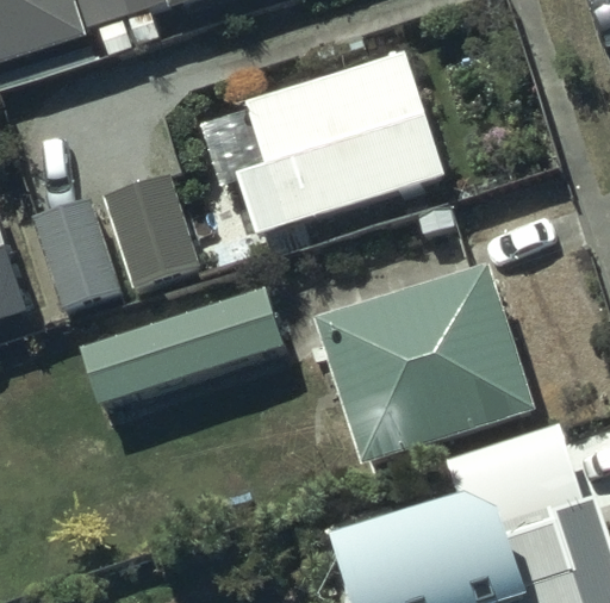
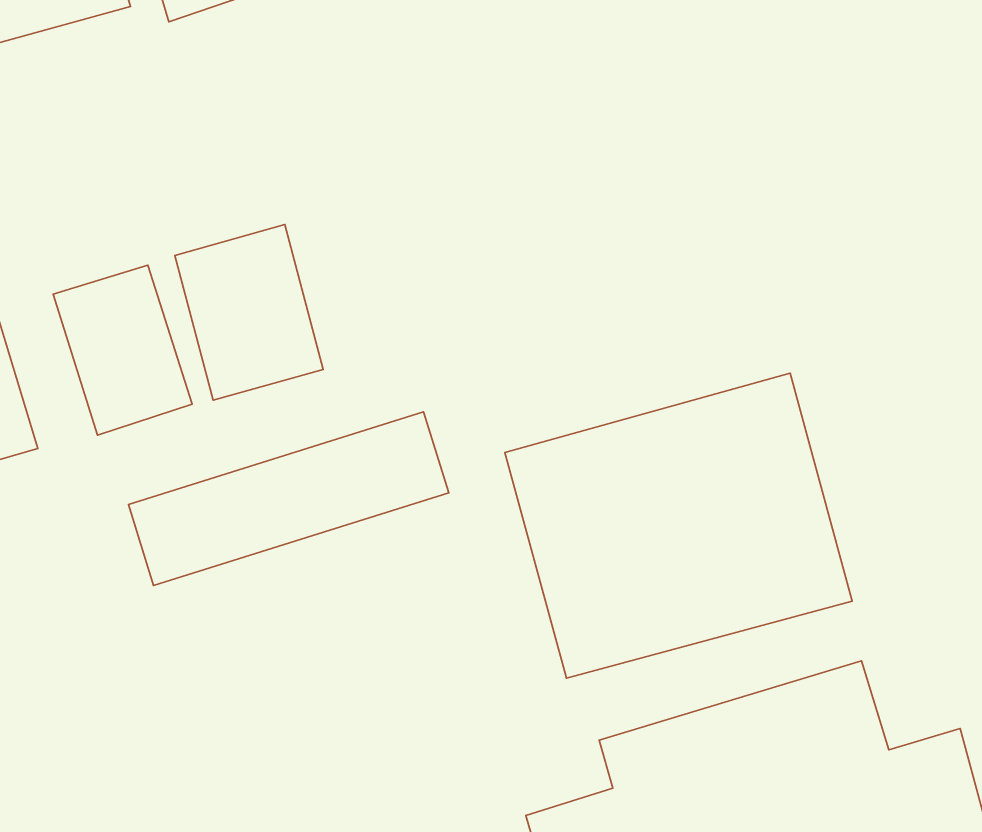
building: [238,54,447,240] -> none

